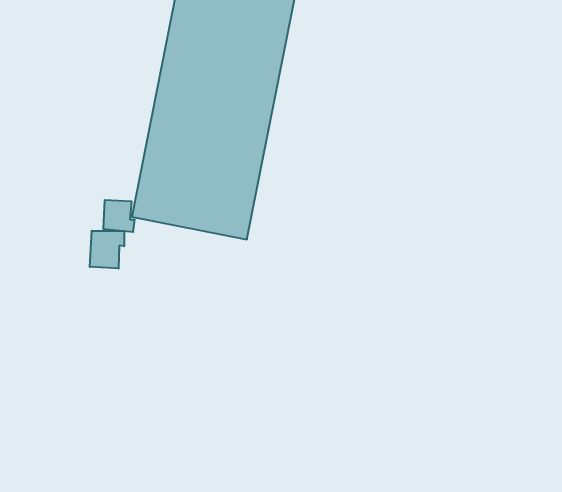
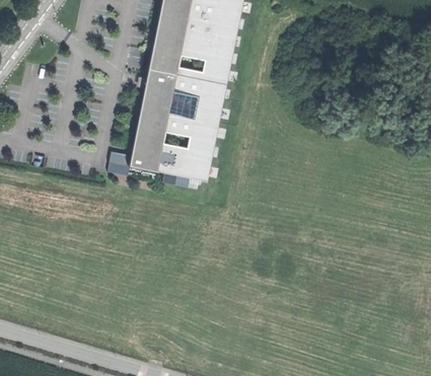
building: [90,231,124,269] -> none

